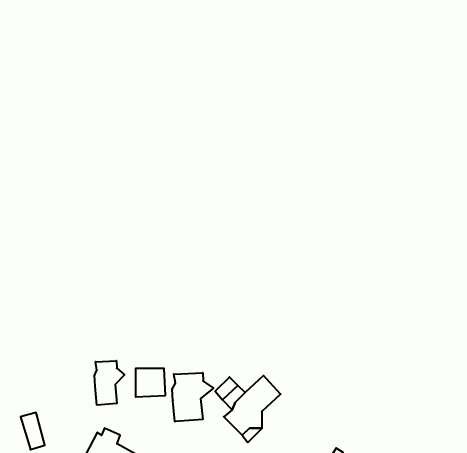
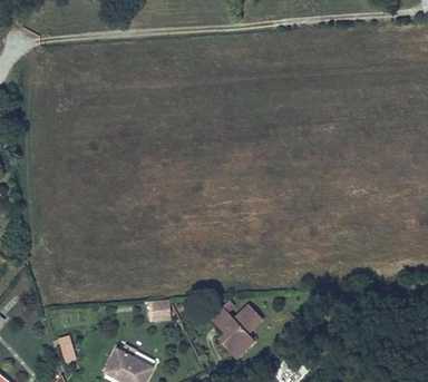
building: [95,361,124,405] -> none
building: [172,373,213,422] -> none

